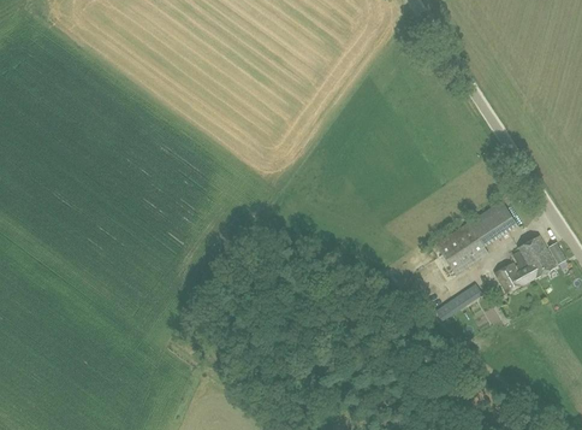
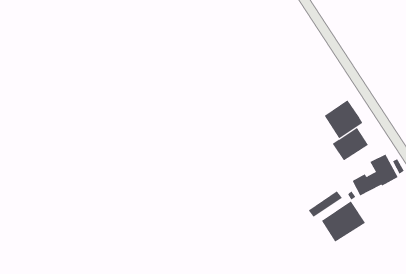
building: [433,222,486,275] -> [324,100,363,139]
building: none -> [321,201,366,243]

